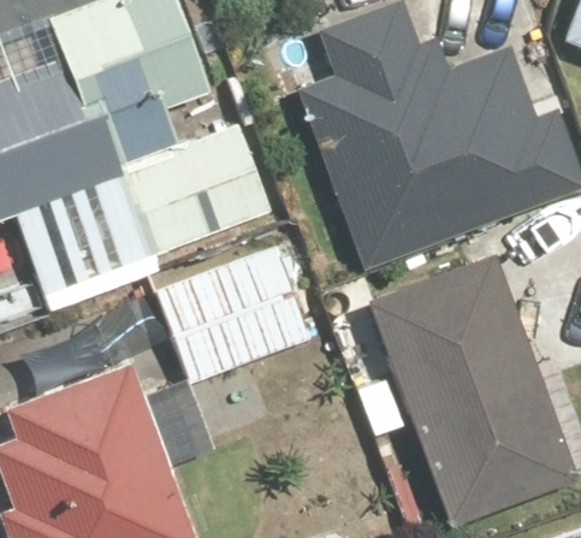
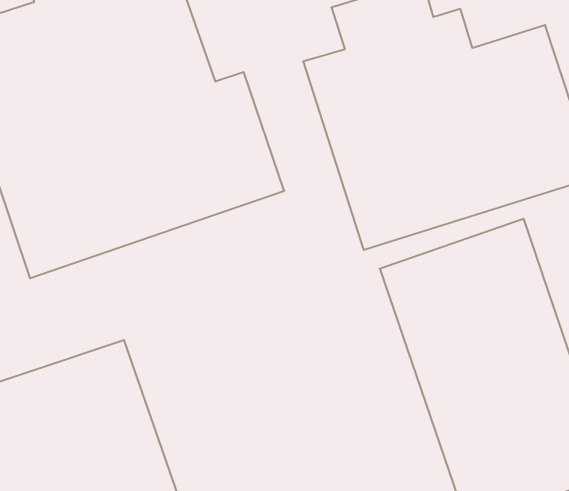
building: [150,236,321,386] -> none

